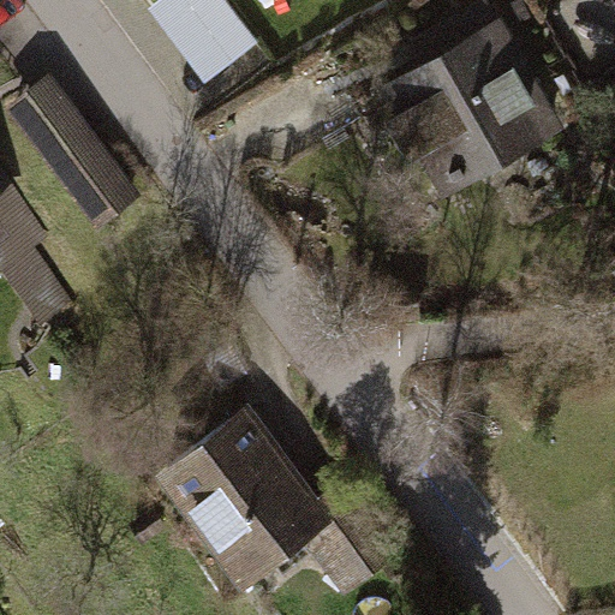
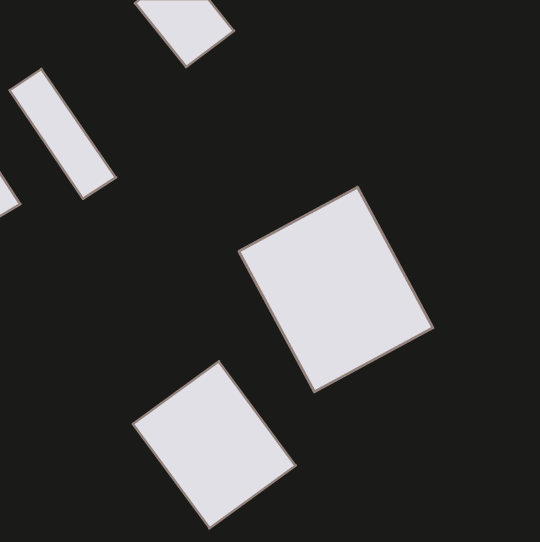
building: [381,17,571,201] -> none
building: none -> [239,187,433,392]

